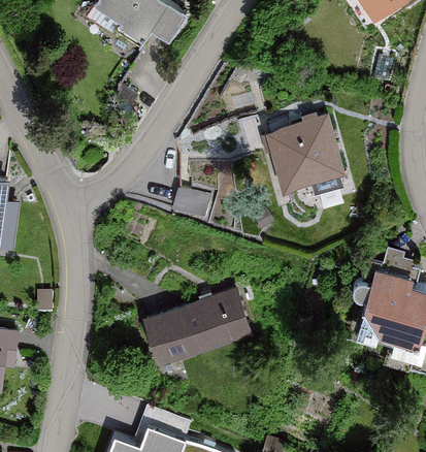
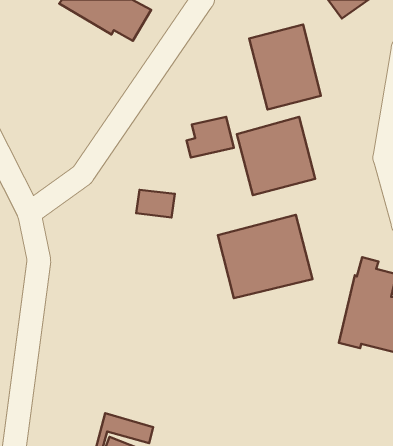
building: none -> [249,24,321,109]
building: none -> [218,215,312,298]
building: [143,288,250,365] -> none

